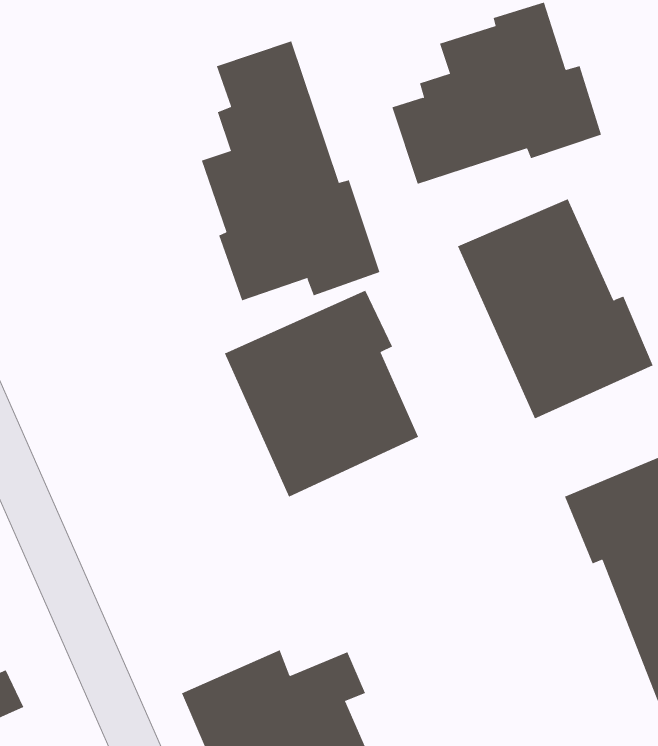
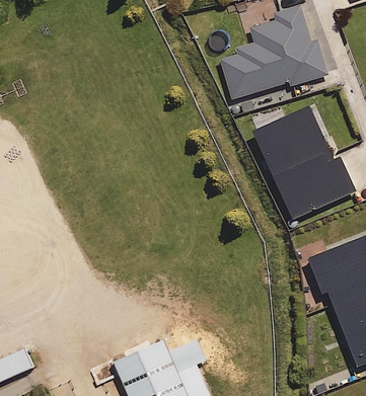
building: [201,41,380,301] -> none
building: [224,290,419,497] -> none

